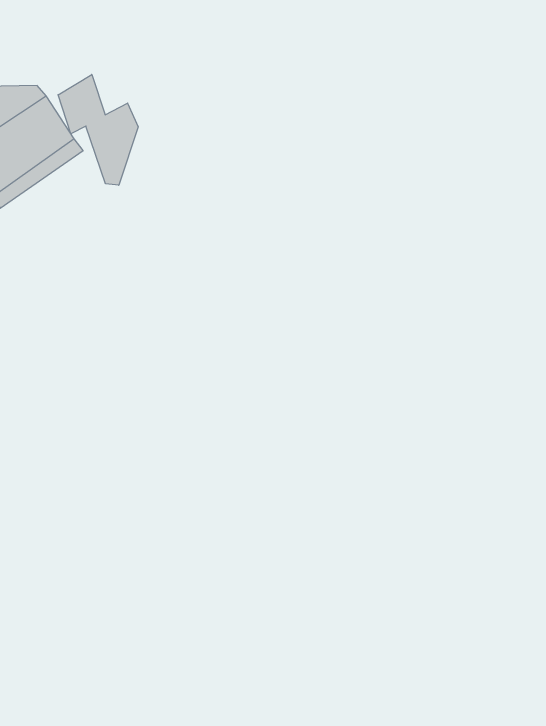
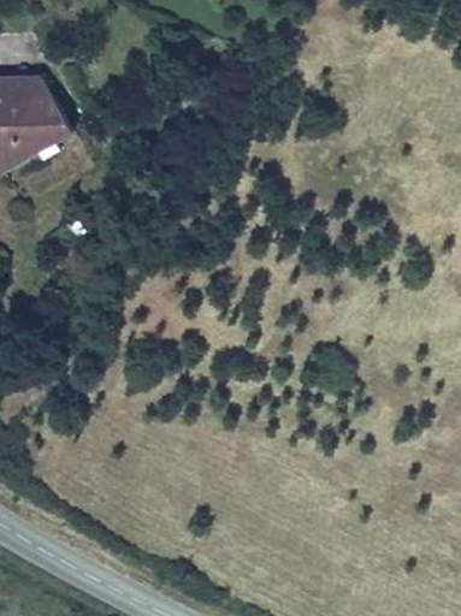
building: [58,74,138,185] -> none

